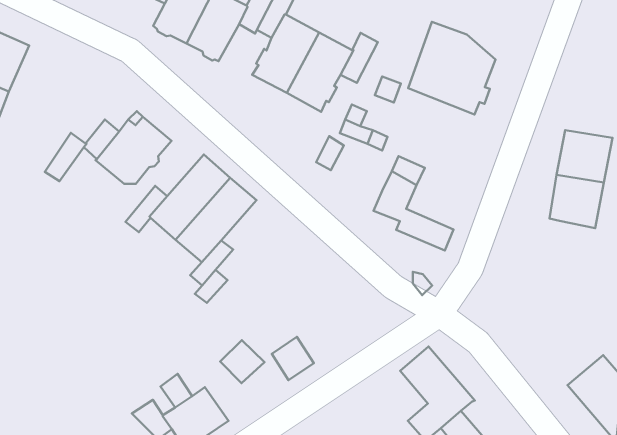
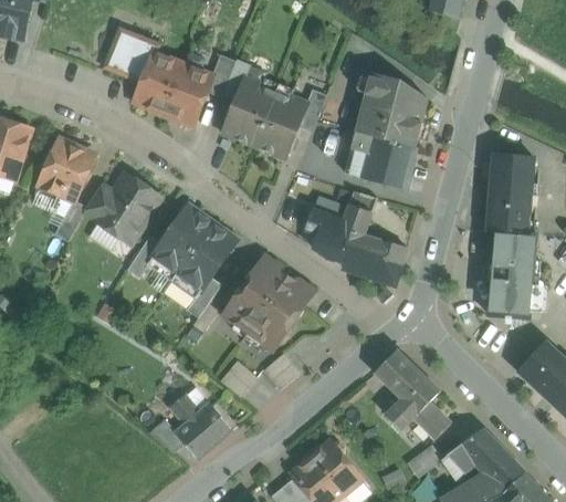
building: none -> [38,138,94,197]
building: none -> [345,130,413,187]
building: none -> [305,209,400,284]
building: none -> [488,230,535,317]
building: none -> [222,255,313,348]

